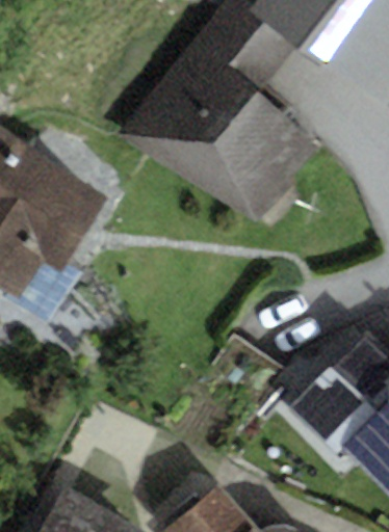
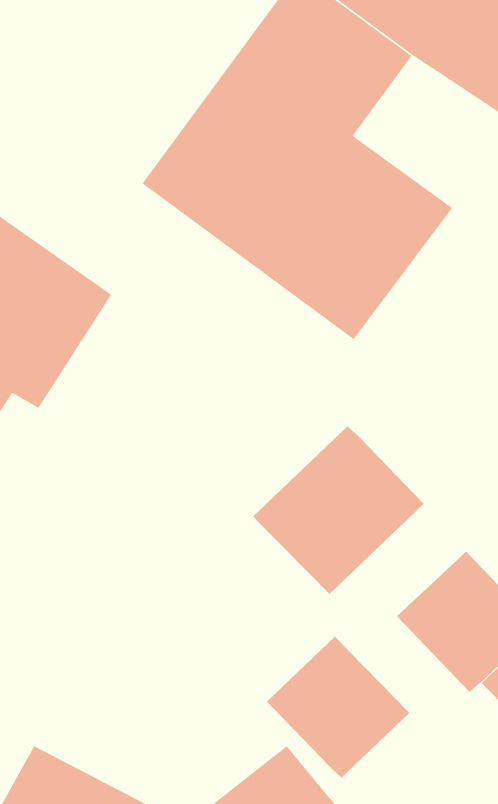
building: none -> [252,425,425,595]
building: none -> [266,636,410,779]

